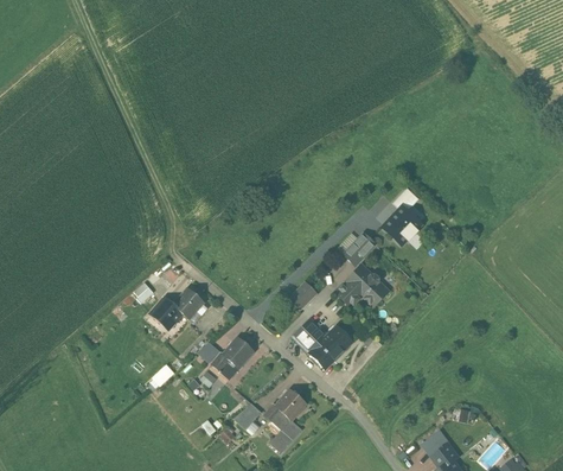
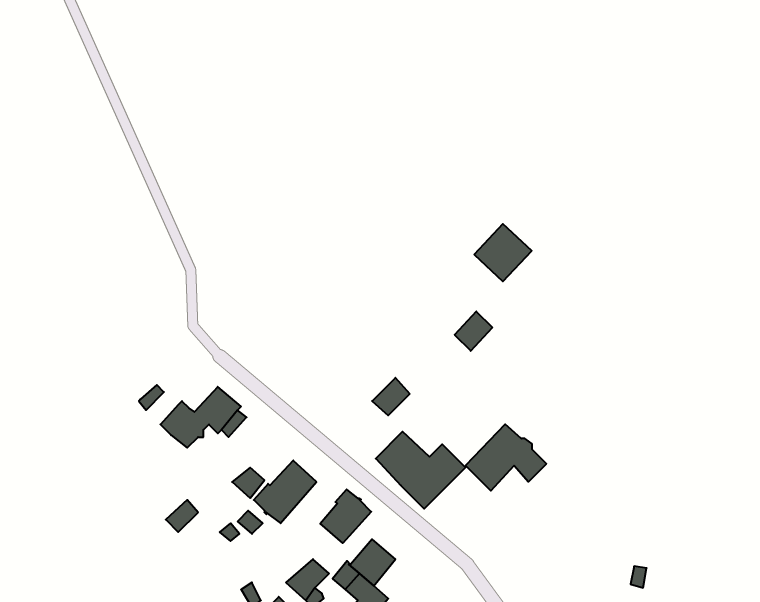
building: [383,205,421,243] -> [474,224,532,281]
building: [335,263,389,307] -> [466,424,546,491]
building: none -> [320,489,371,543]

